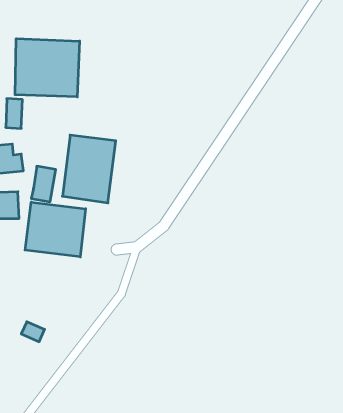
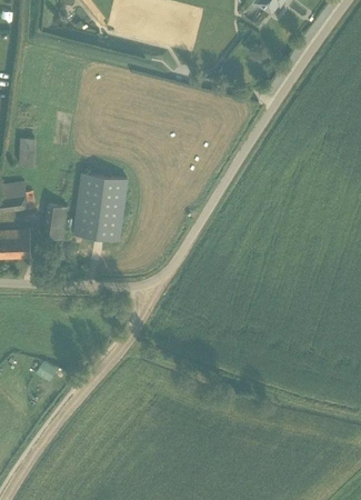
building: [15,39,80,97] -> none
building: [25,202,86,257] -> none

